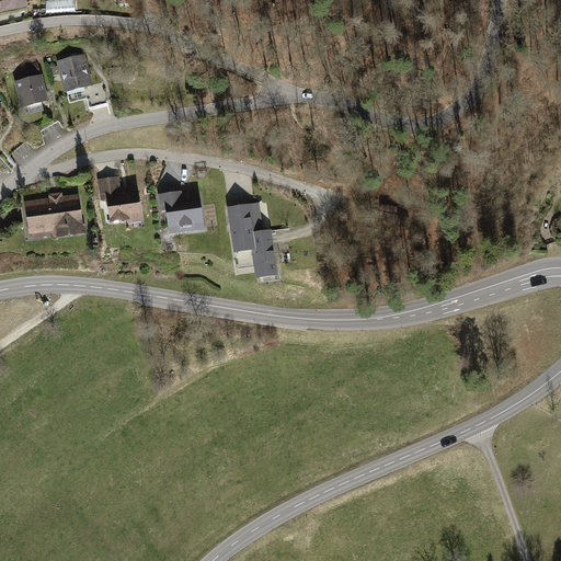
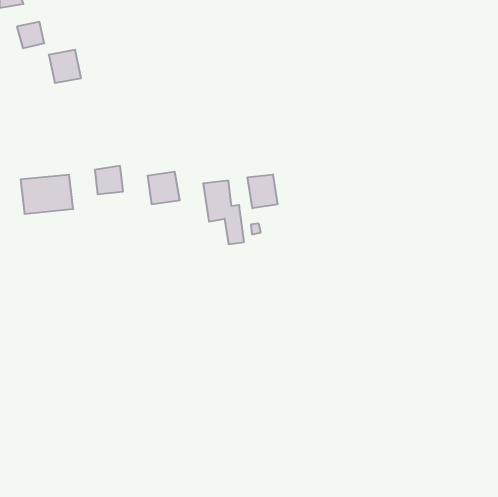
building: [15,75,46,104] -> [17,22,44,48]
building: none -> [248,174,277,208]

